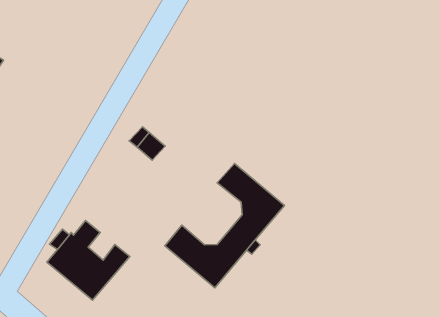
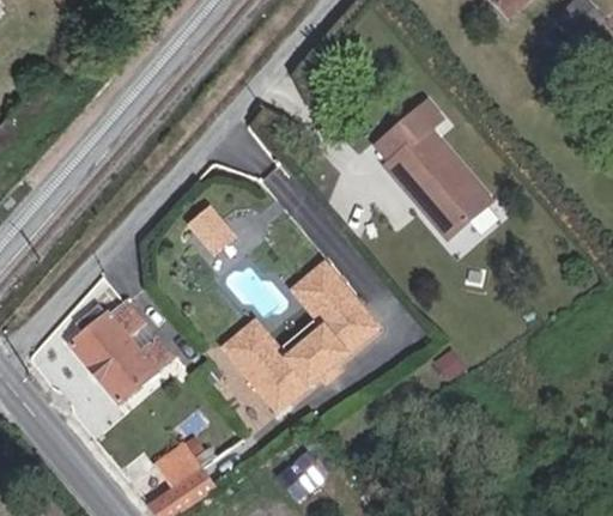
building: none -> [390,102,490,236]
building: none -> [245,283,323,358]

